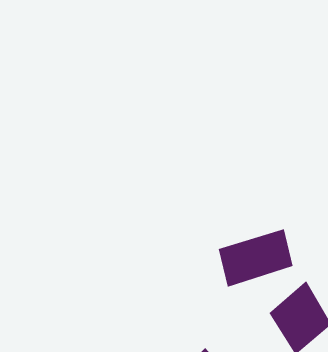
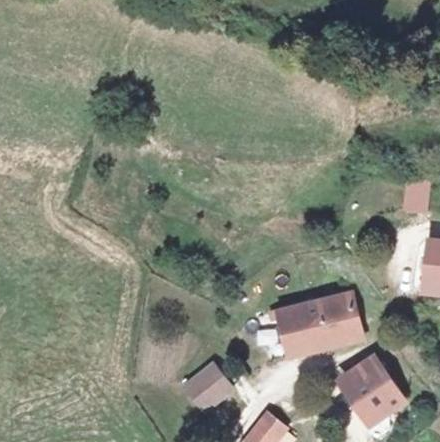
building: none -> [183,354,238,408]

